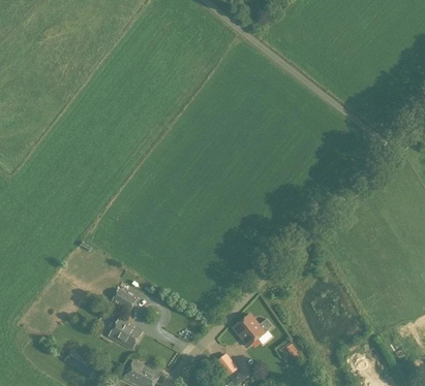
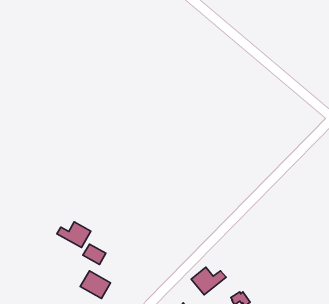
building: none -> [57,222,91,247]

